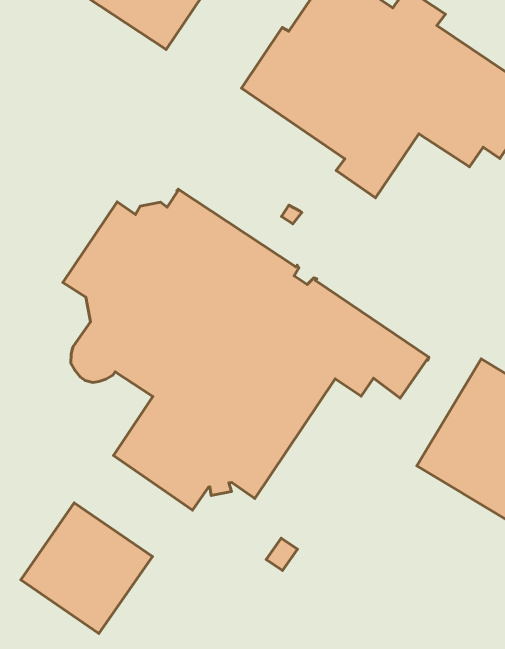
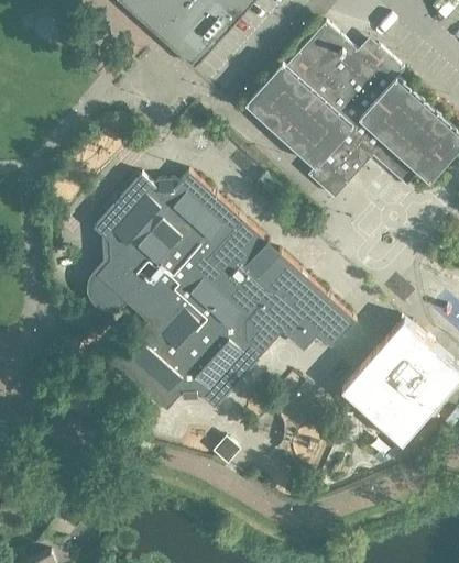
building: [21,503,152,634] -> none

